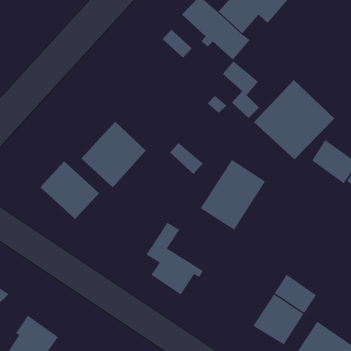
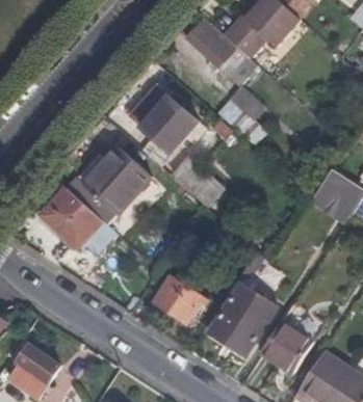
building: none -> [140,97,199,155]
building: [253,79,335,160] -> none
building: [200,159,266,231] -> [209,284,277,356]

